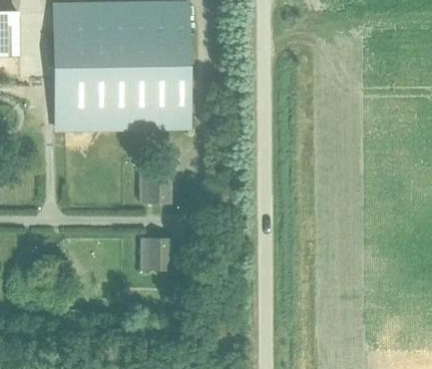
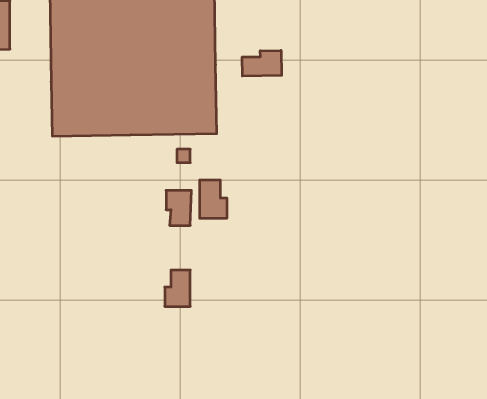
building: none -> [242,50,282,76]
building: none -> [200,180,227,218]

